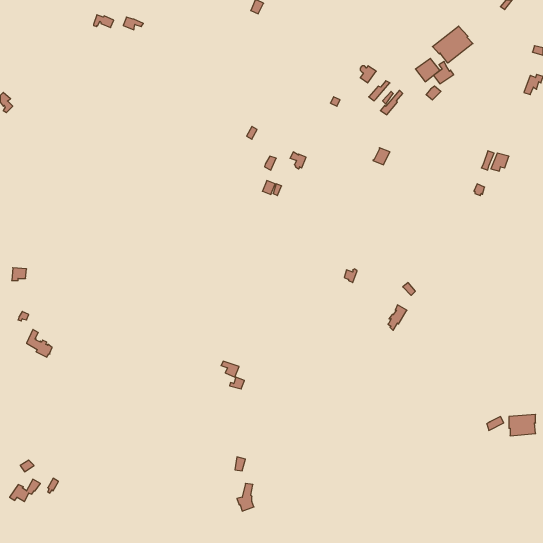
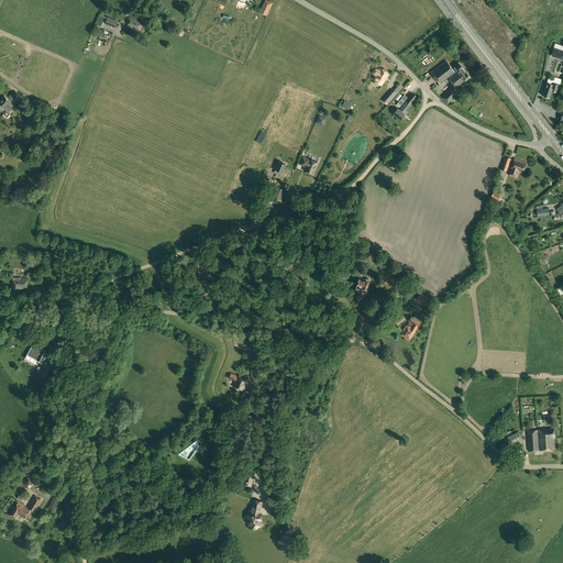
building: [432,26,473,63] -> none

